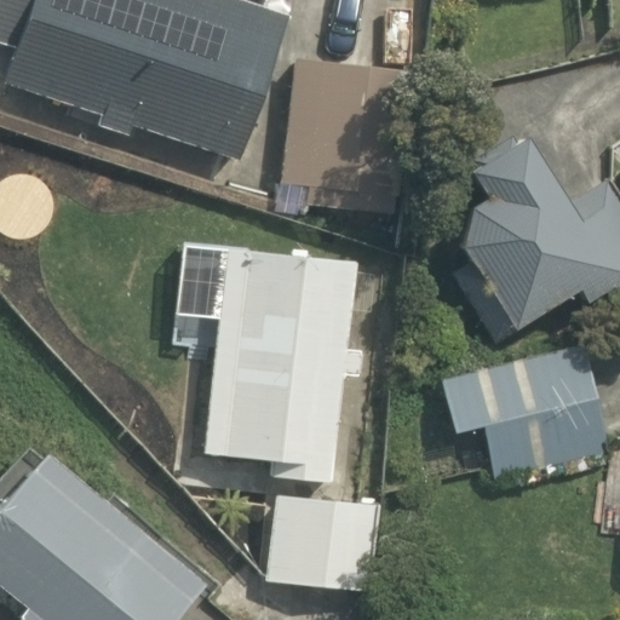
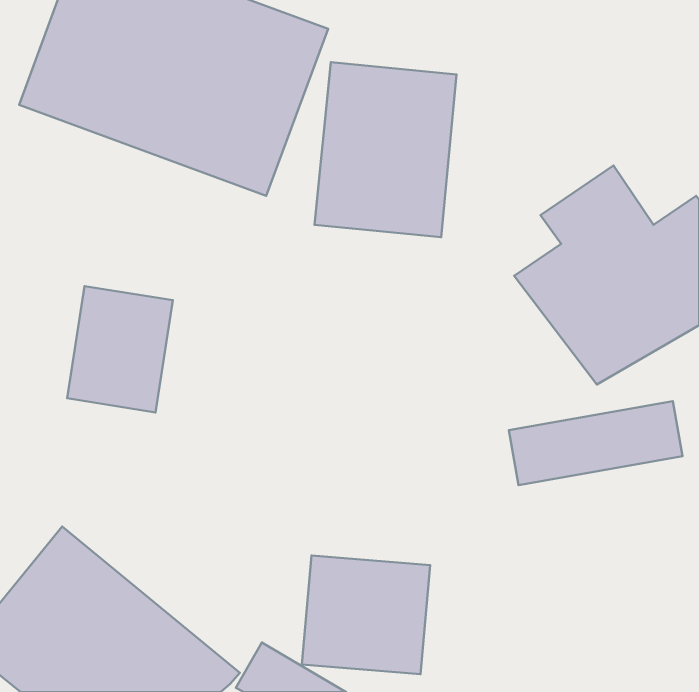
building: [202,237,360,470] -> none
building: none -> [67,286,173,412]

